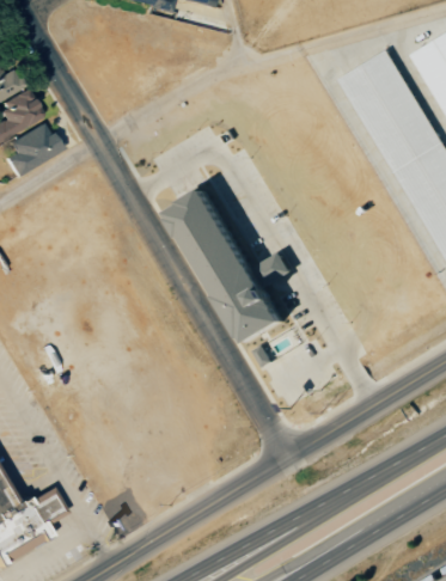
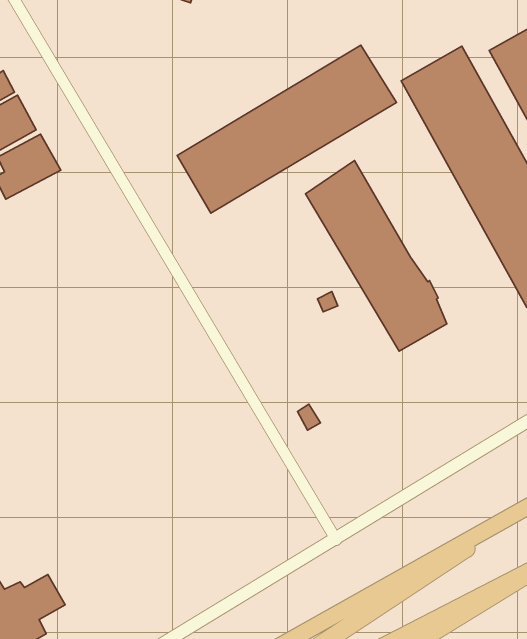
building: none -> [177,45,396,213]
building: [167,188,285,345] -> [305,161,447,351]

